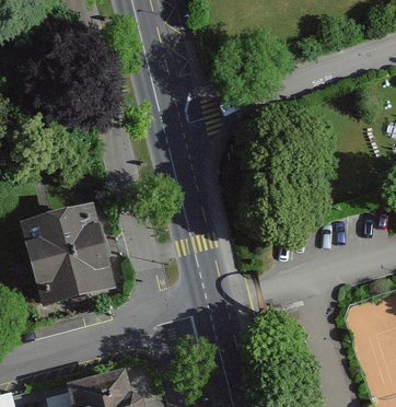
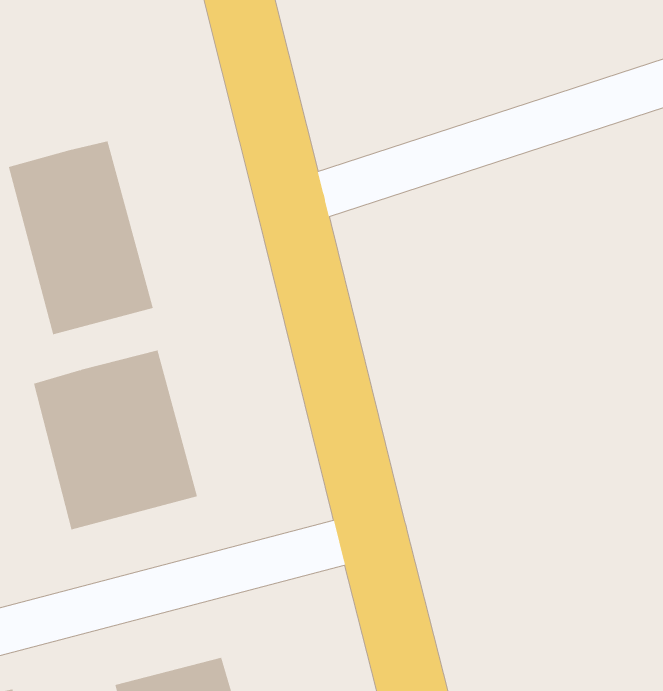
building: none -> [8,141,154,335]

